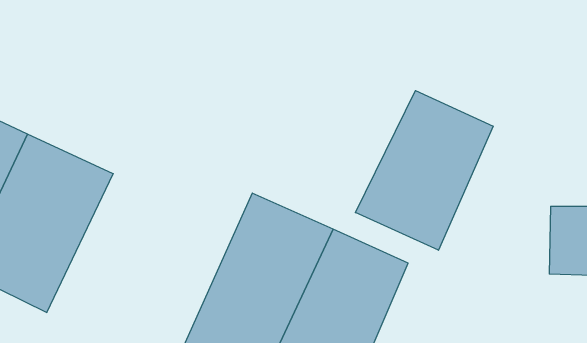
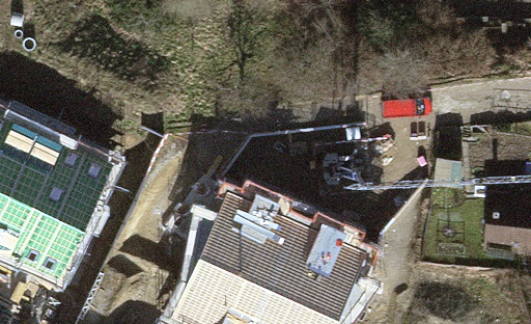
building: [355,91,493,250] -> none

